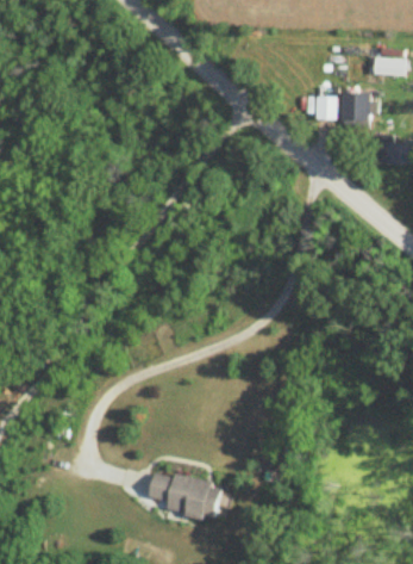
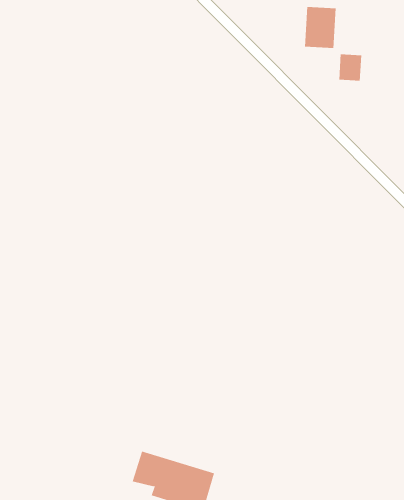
building: [342,91,369,128] -> [304,7,337,49]

